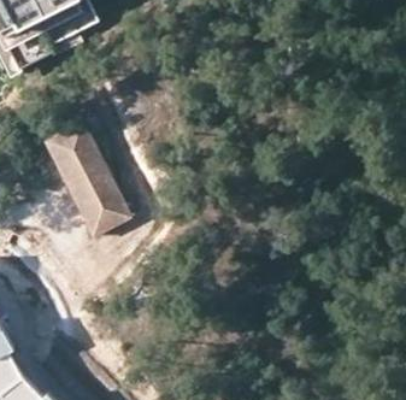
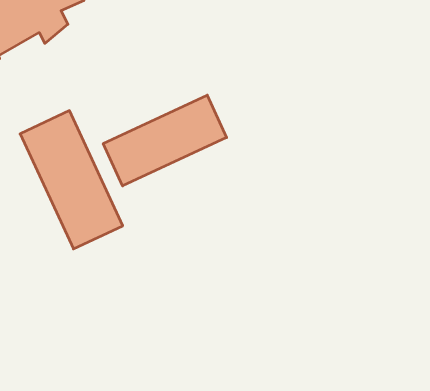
building: none -> [103,95,227,186]

